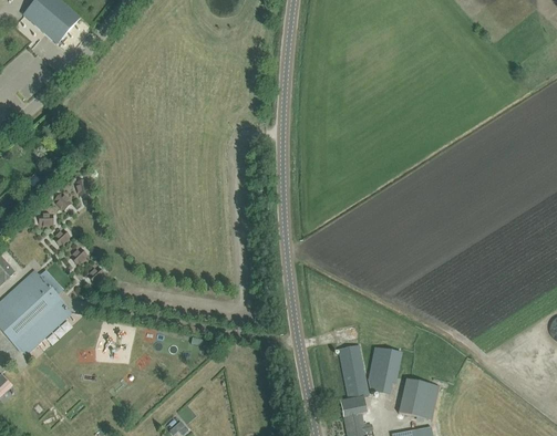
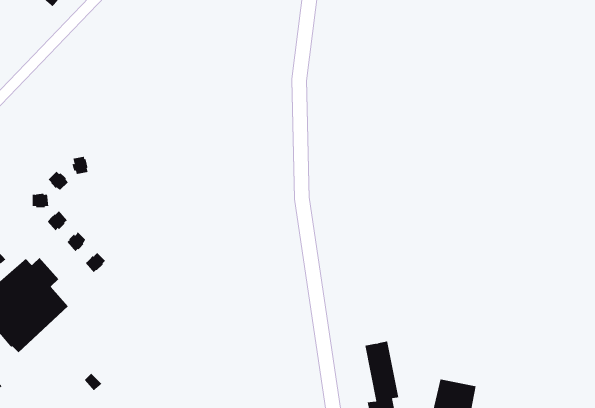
building: [368,346,402,394] -> none

